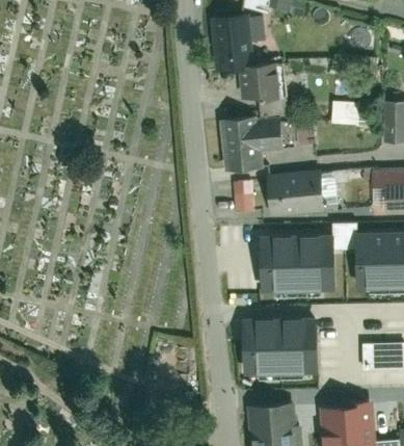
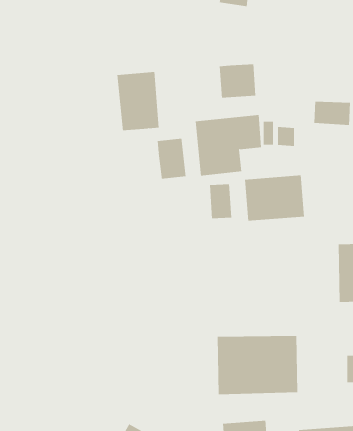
building: [213,12,253,69] -> [117,72,159,131]
building: none -> [157,138,186,179]
building: [259,239,335,293] -> none

